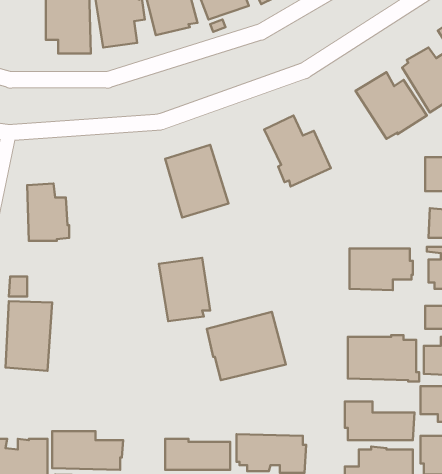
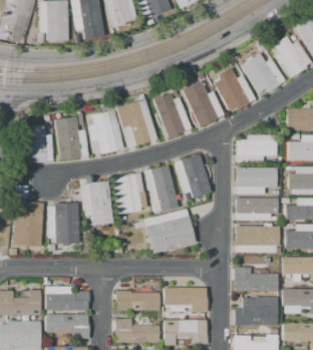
building: none -> [213,68,256,113]
building: none -> [153,93,191,137]
building: none -> [89,110,123,155]
building: none -> [55,117,88,159]
building: none -> [235,135,276,163]
building: none -> [174,154,212,202]
building: none -> [143,166,178,213]
building: none -> [81,181,112,226]
building: none -> [235,198,278,221]
building: none -> [47,203,79,244]

